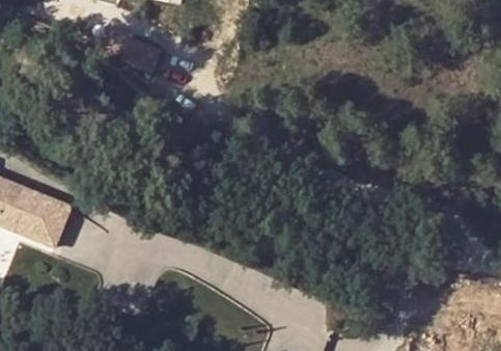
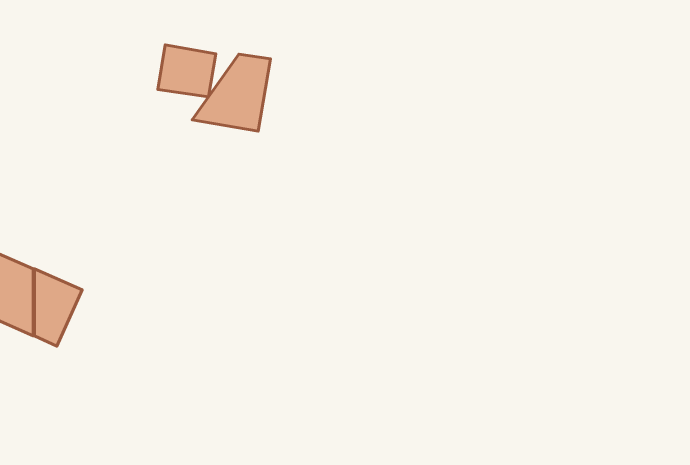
building: none -> [192,54,270,131]

